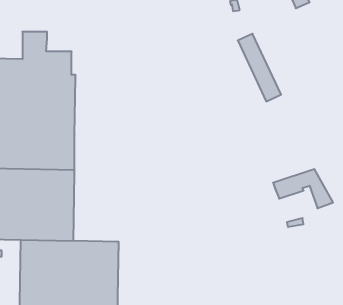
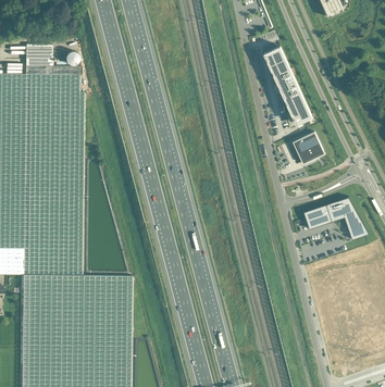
building: none -> [293,133,324,164]

